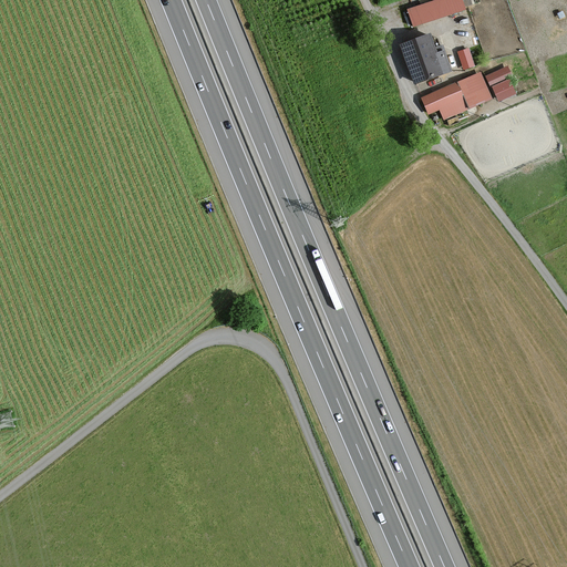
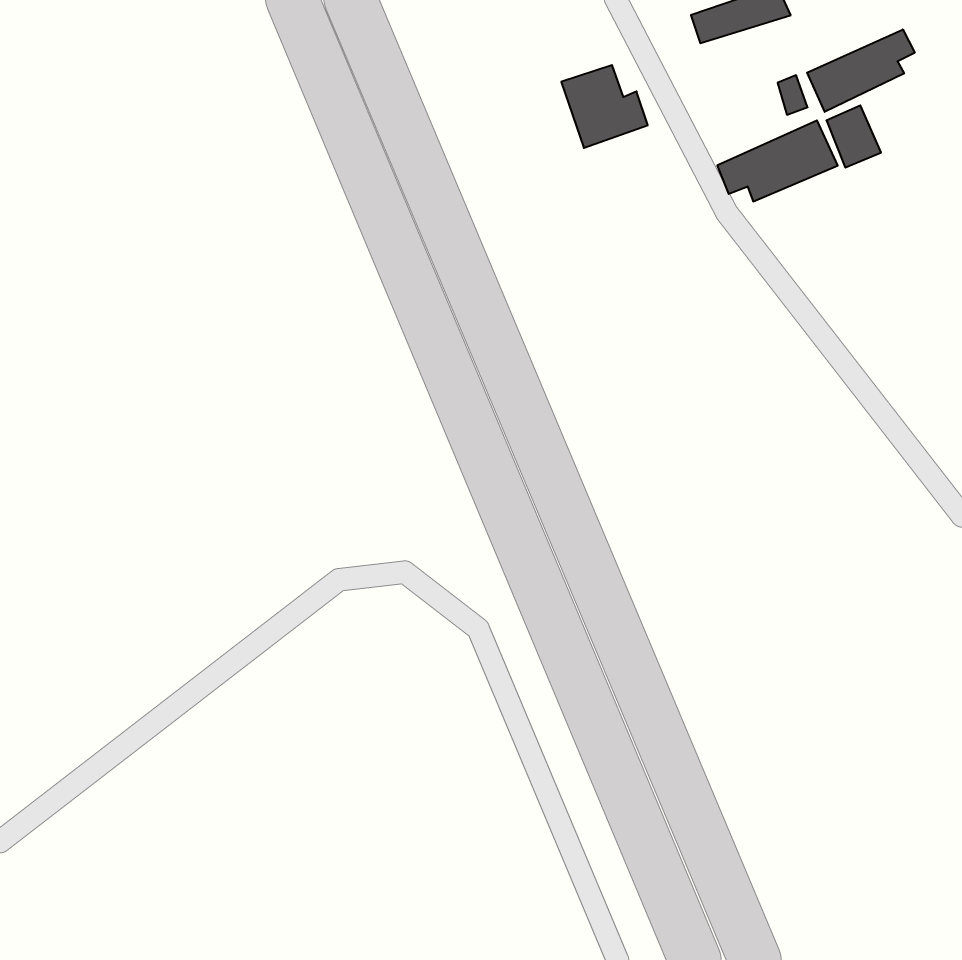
building: none -> [807,29,915,112]
building: [400,34,451,83] -> [561,65,648,148]

